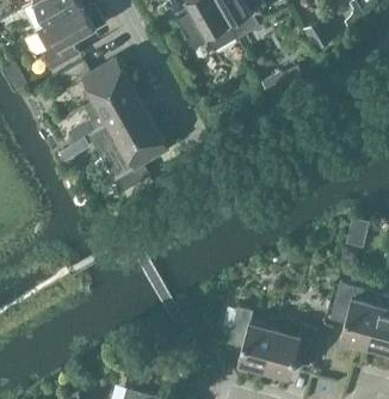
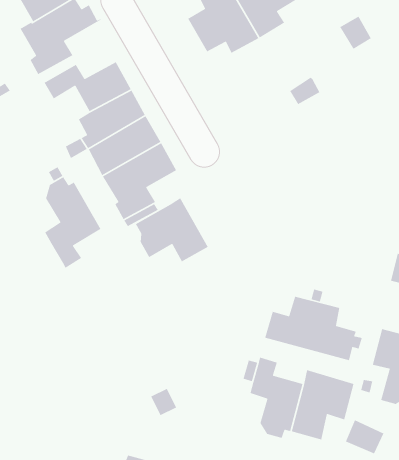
building: none -> [44,176,101,269]
building: none -> [135,197,209,263]
building: none -> [264,296,363,361]

